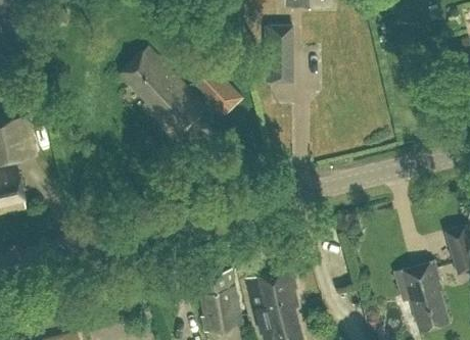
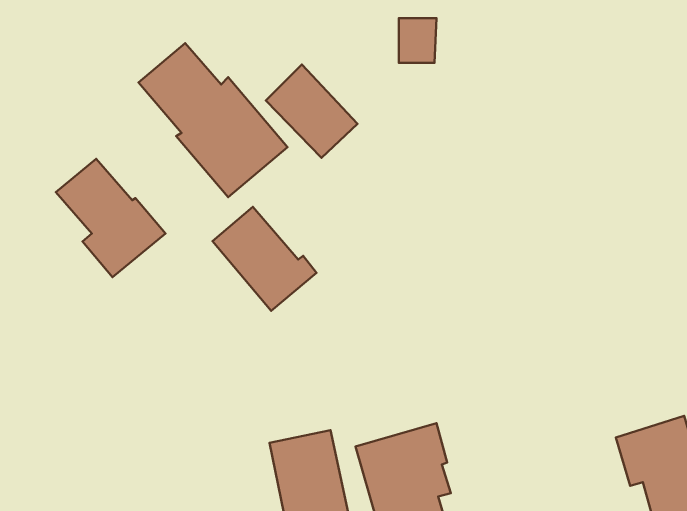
building: none -> [56,159,166,277]
building: none -> [213,207,316,311]

